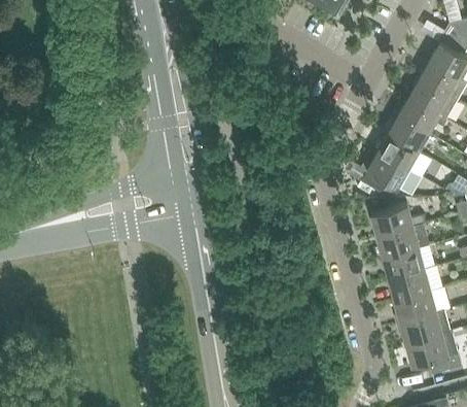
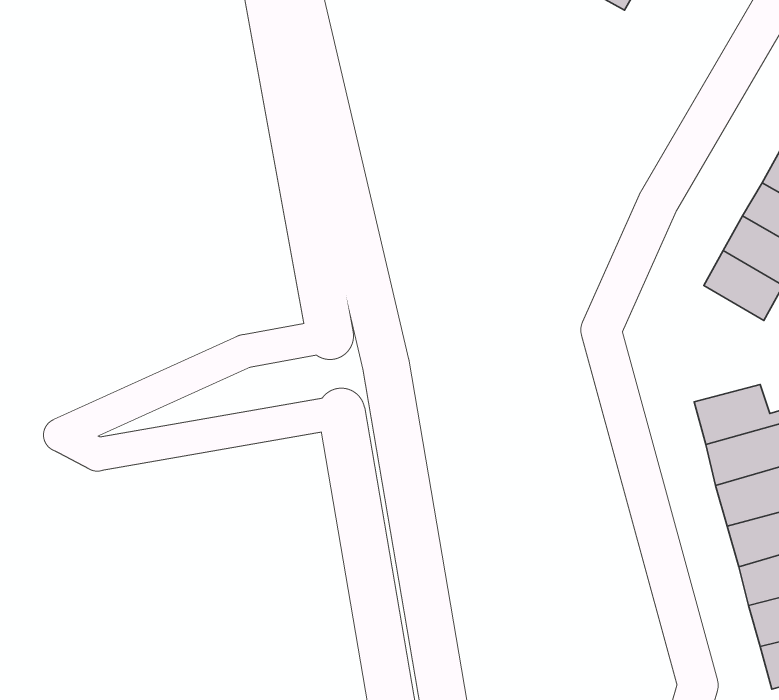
building: [359,154,409,196] -> none

